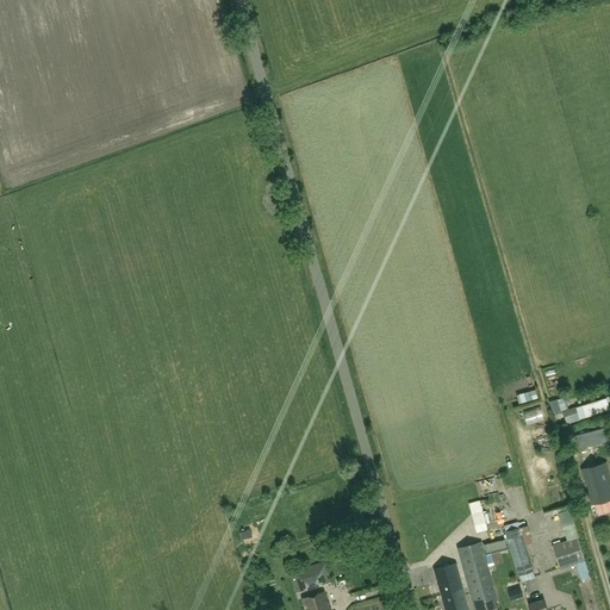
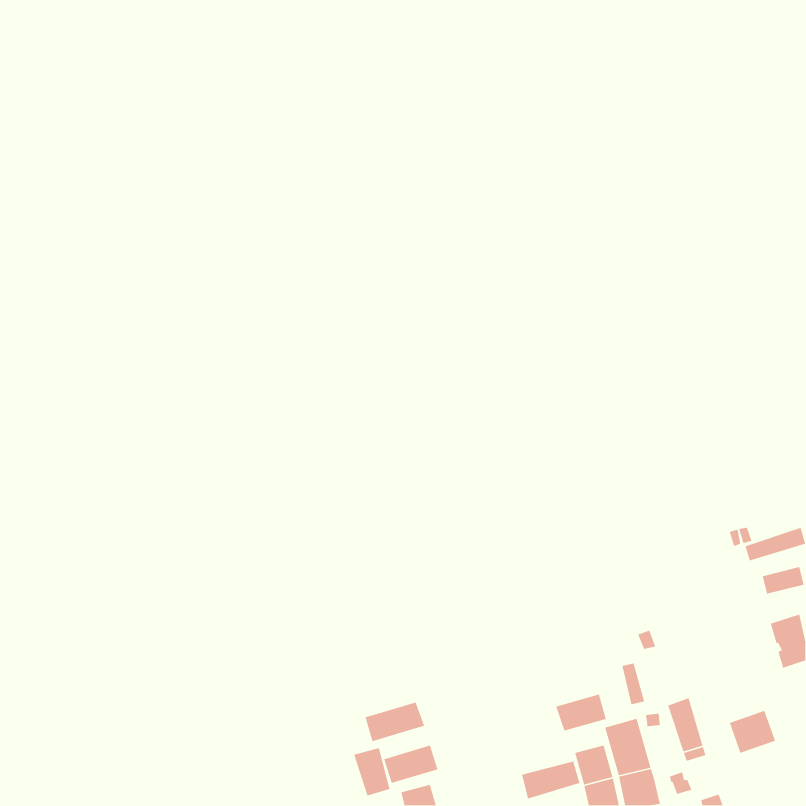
building: none -> [555,693,607,732]
building: none -> [364,702,425,742]
building: none -> [353,747,391,797]
building: none -> [521,760,580,800]

